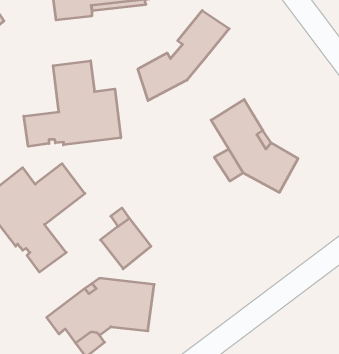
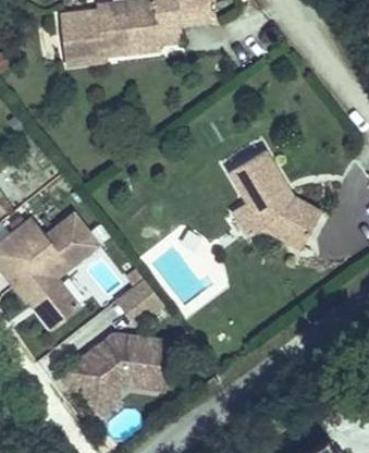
building: [138,10,229,101] -> none
building: [24,61,121,146] -> none

